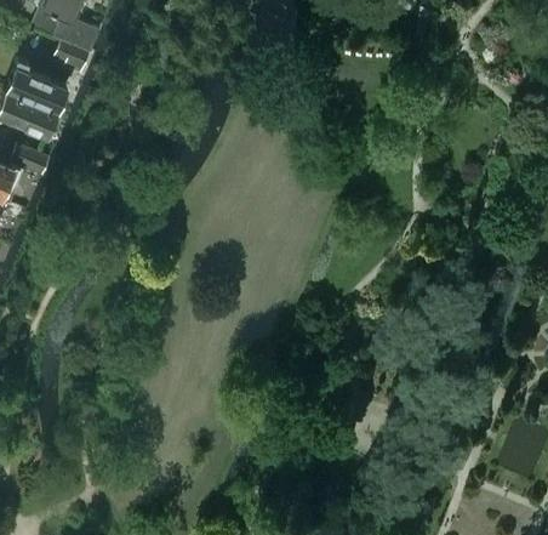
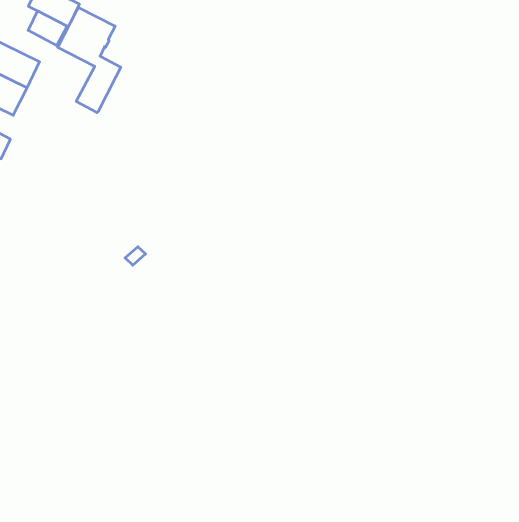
building: none -> [58,7,121,113]

